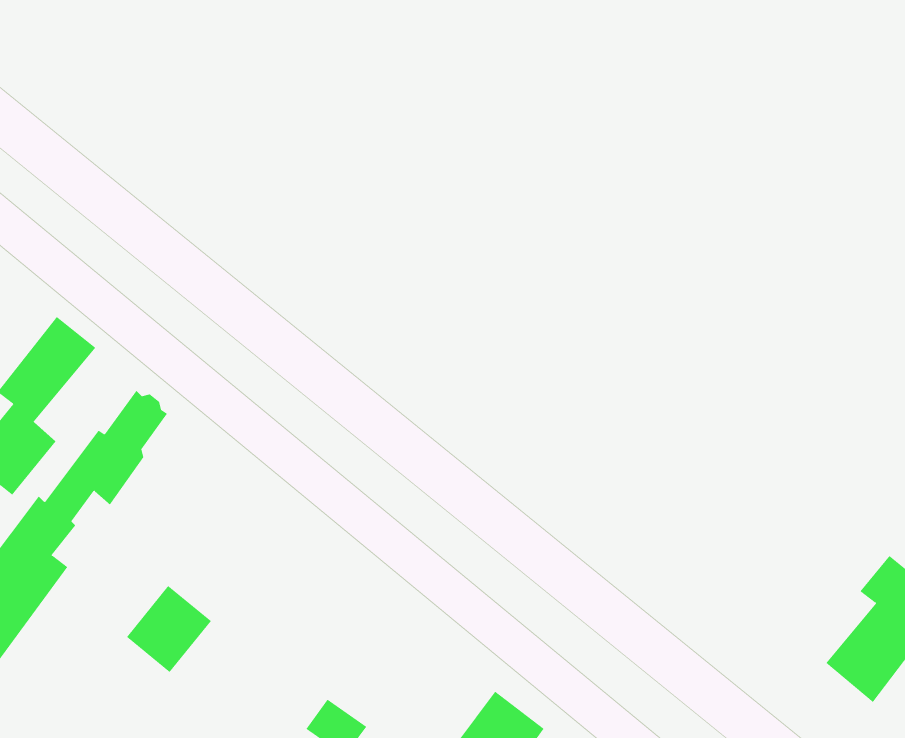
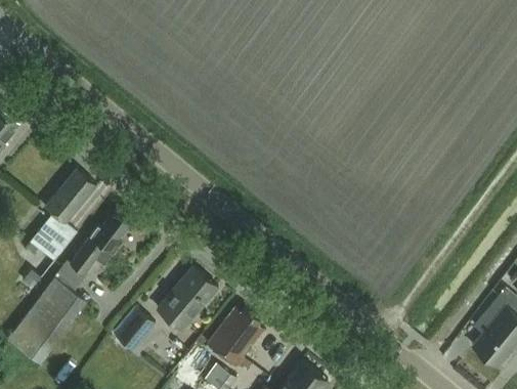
building: none -> [157,266,217,331]
building: none -> [207,308,264,368]

